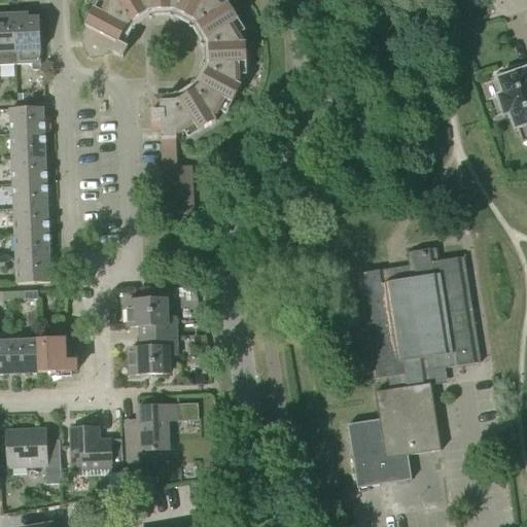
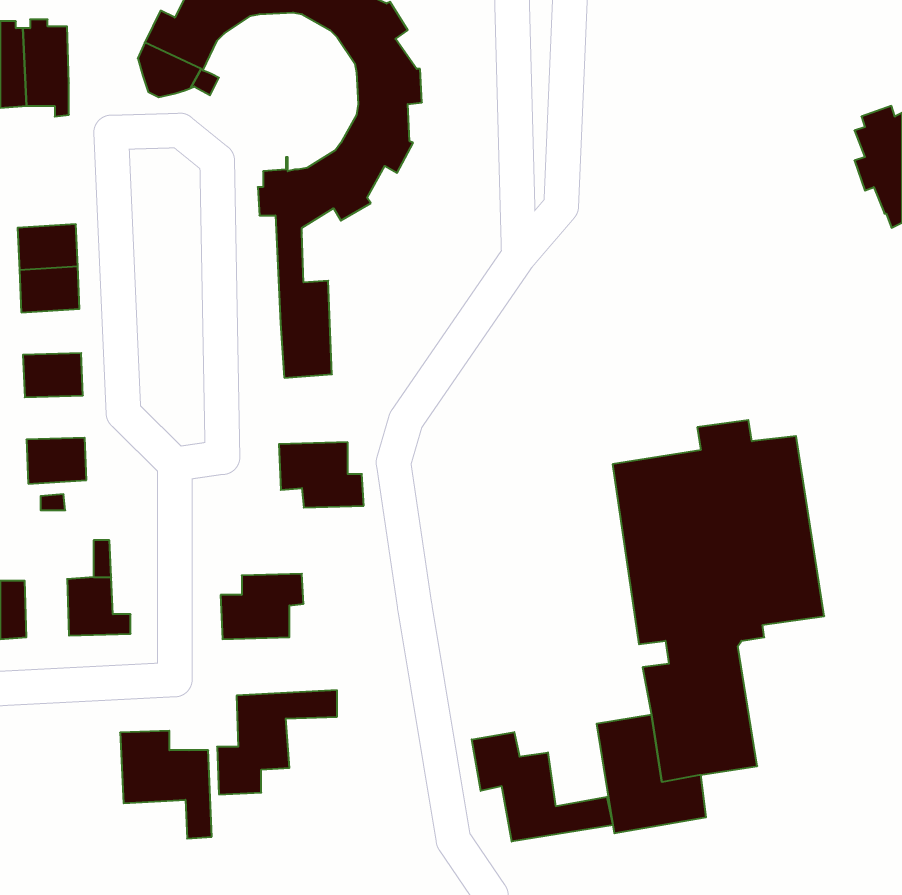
building: [9,106,44,133] -> none
building: [12,180,47,207] -> none
building: [14,231,49,256] -> none
building: [127,297,176,336] -> [279,442,364,508]
building: [14,338,40,372] -> none
building: none -> [472,732,613,842]
building: [7,428,61,482] -> none

